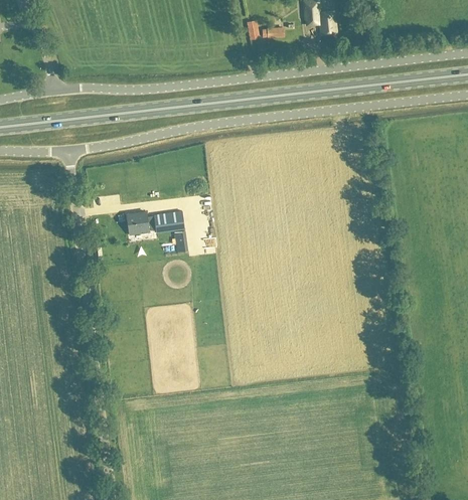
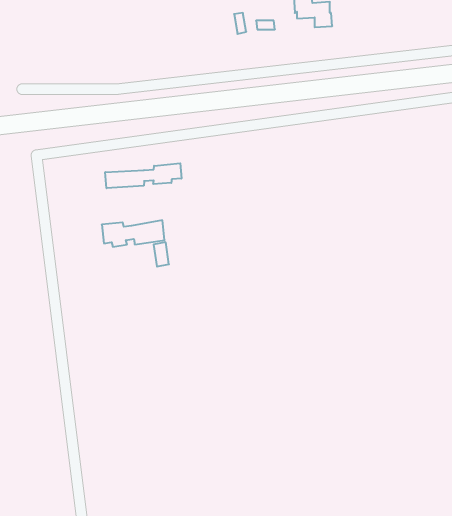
building: none -> [105,163,181,188]

